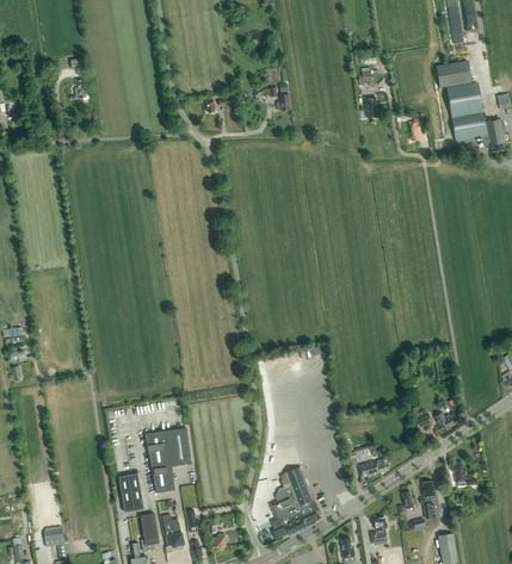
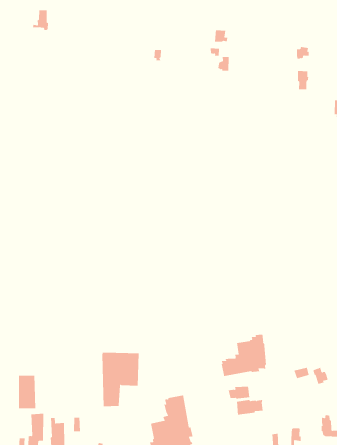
building: none -> [221,334,266,377]
building: [146,428,191,492] -> [102,352,140,407]

